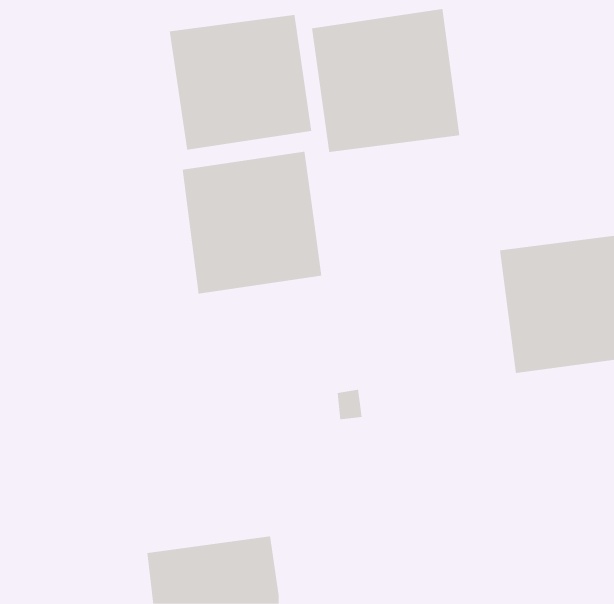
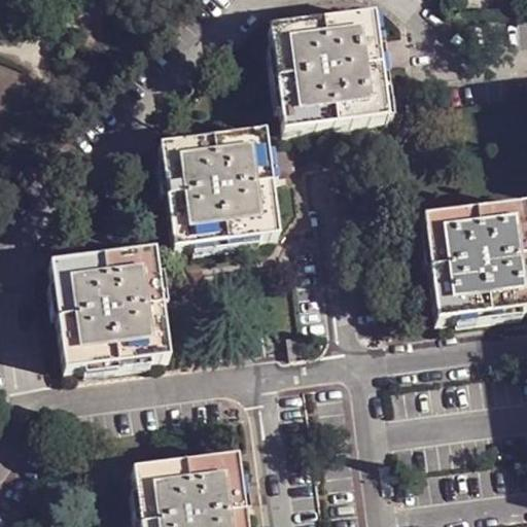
building: [169,14,312,150] -> none
building: none -> [50,247,170,366]

